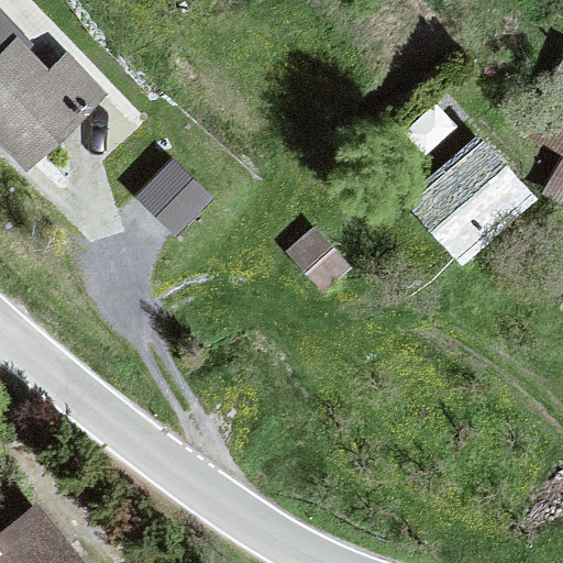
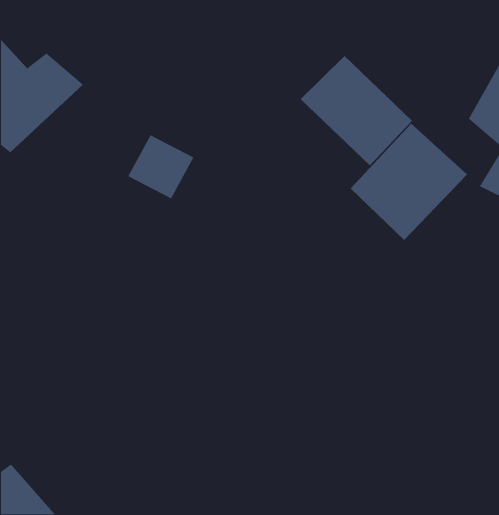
building: none -> [300,55,413,166]

